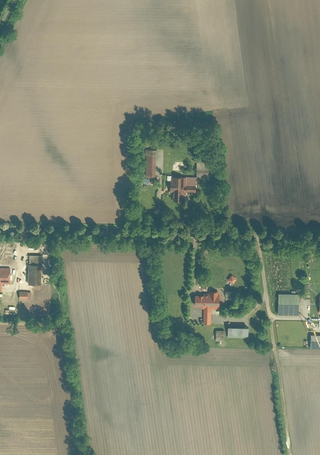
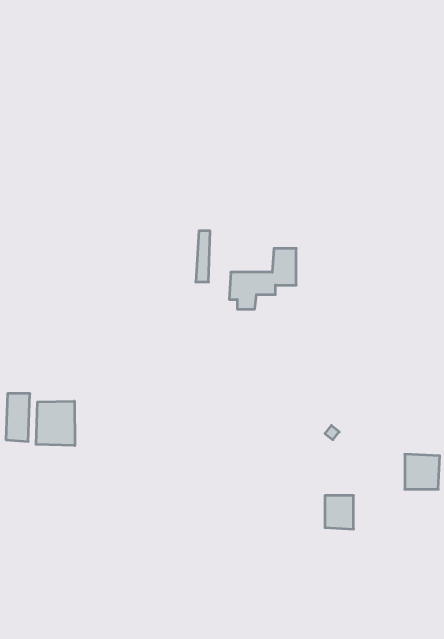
building: none -> [36,401,75,446]
building: [198,294,223,333] -> none

